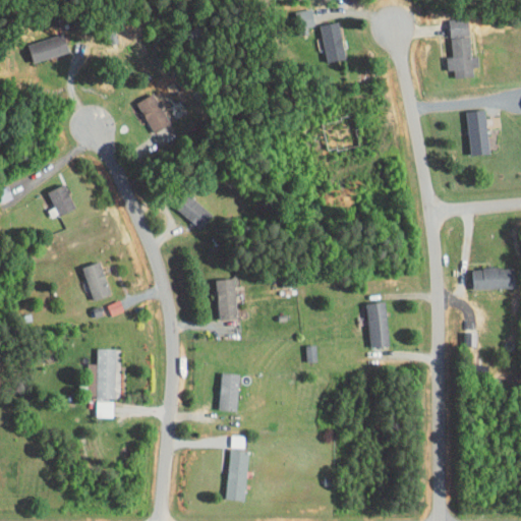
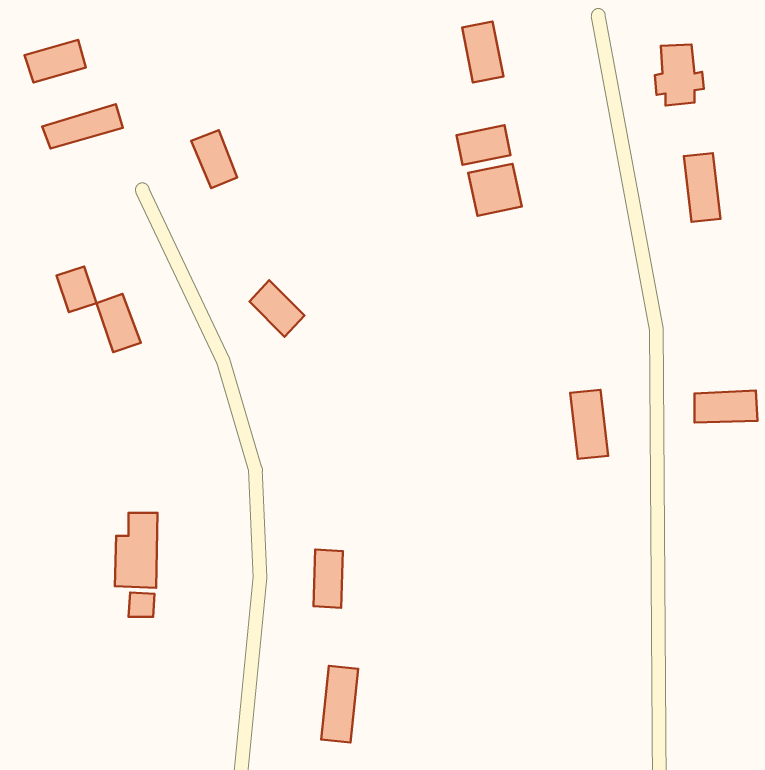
building: [450,18,470,38] -> none
building: none -> [42,104,123,149]
building: none -> [457,125,511,165]
building: [82,263,112,301] -> [96,294,141,352]
building: [218,279,237,322] -> none
building: [365,302,391,348] -> [570,390,608,459]

